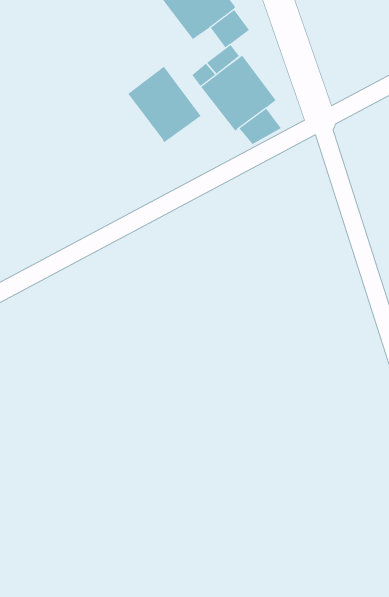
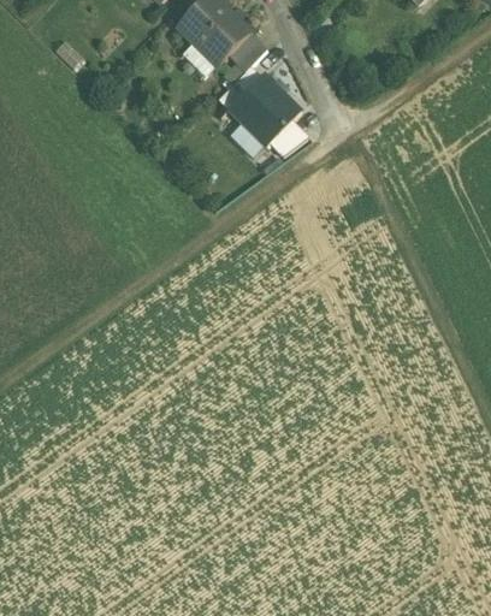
building: [127,66,202,143] -> none

